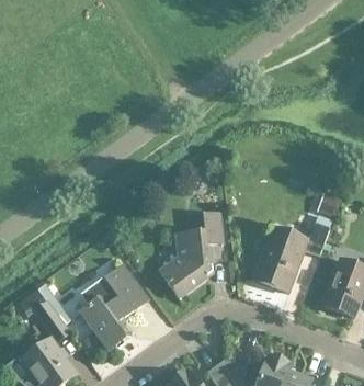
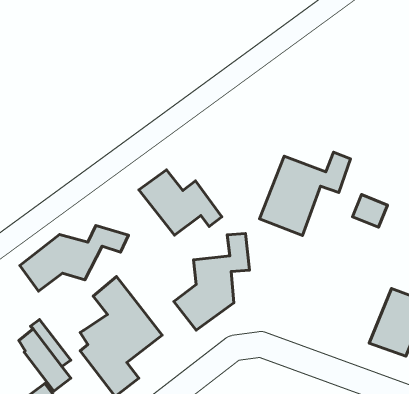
building: none -> [139,170,222,235]
building: none -> [20,225,129,291]
building: [252,223,329,293] -> [259,152,351,236]

